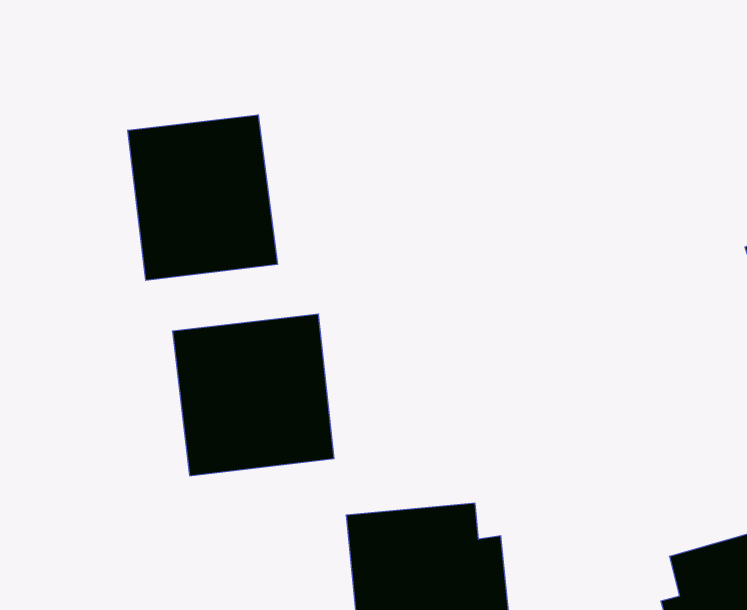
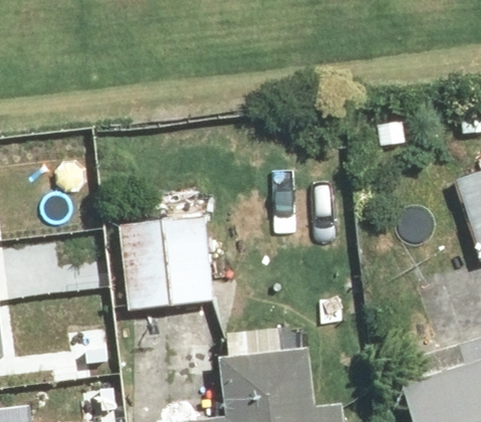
building: [128,115,277,280] -> none

